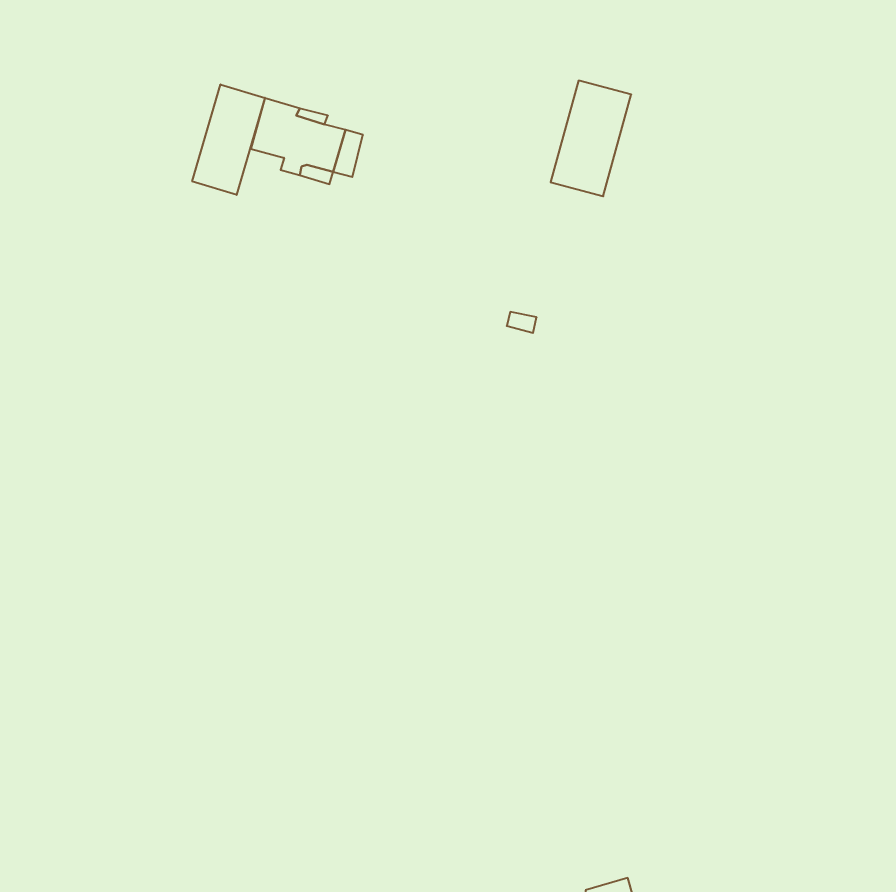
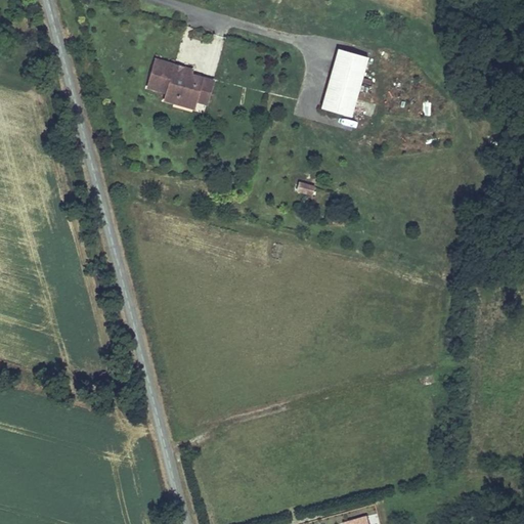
building: [192,84,265,195] -> none

